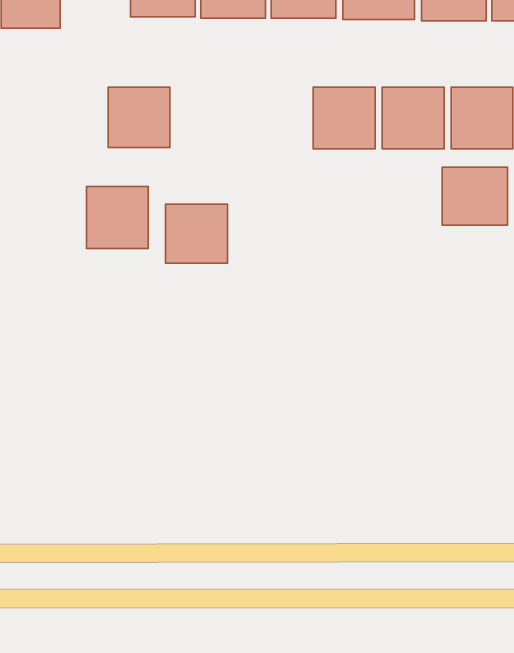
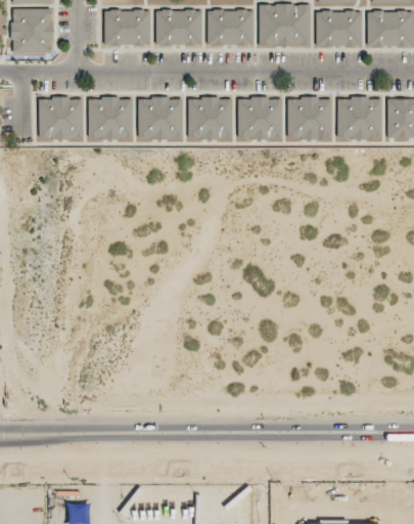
building: none -> [189,97,234,142]
building: [442,167,508,225] -> none
building: [86,187,148,248] -> [39,97,84,142]
building: [166,204,227,263] -> [139,98,184,141]

